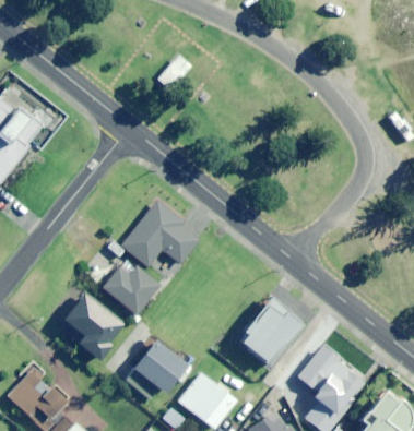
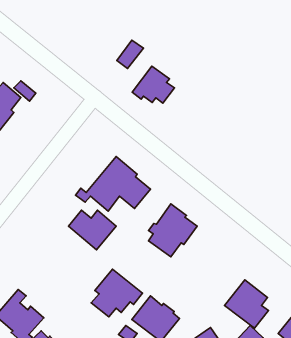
building: none -> [132,66,174,103]
building: [63,292,123,360] -> none
building: [241,297,301,362] -> [149,204,197,257]

